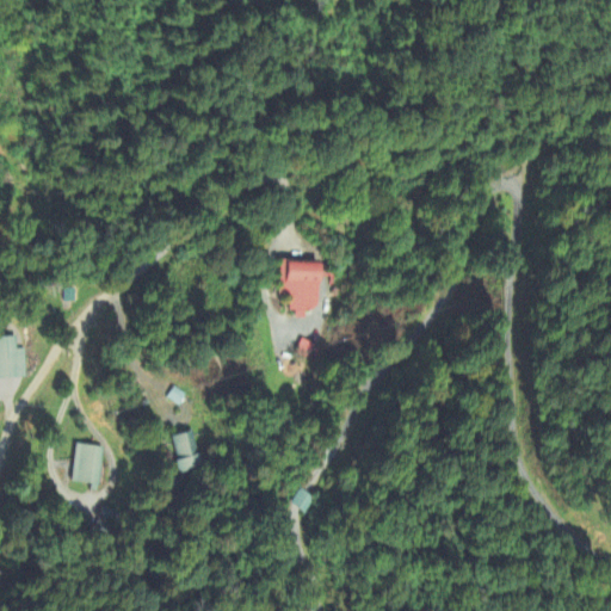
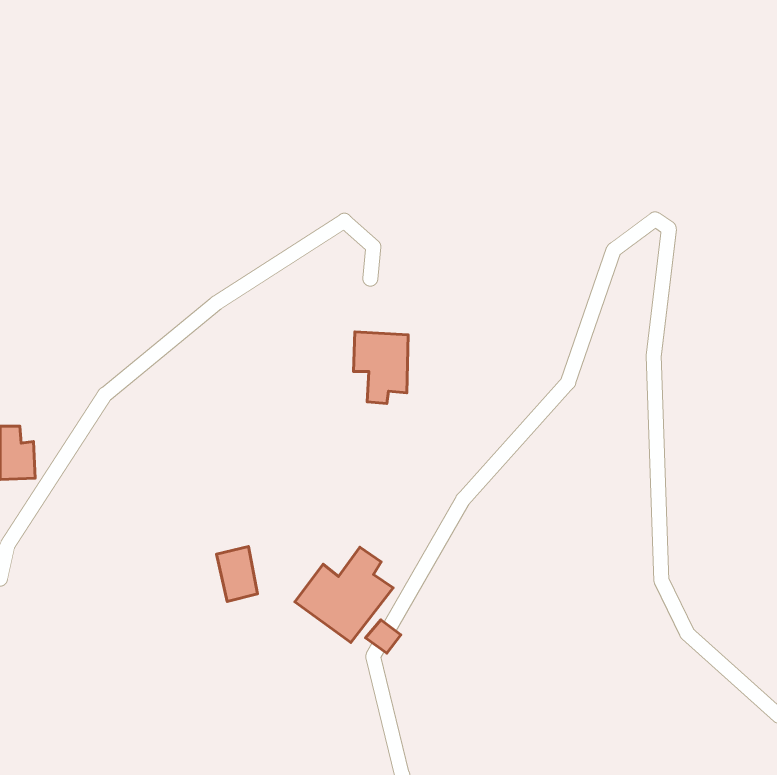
building: none -> [295,547,393,643]
building: [69,442,105,486] -> none

